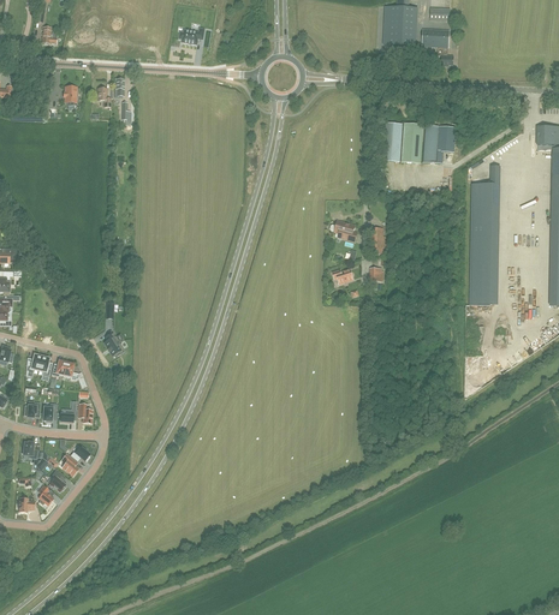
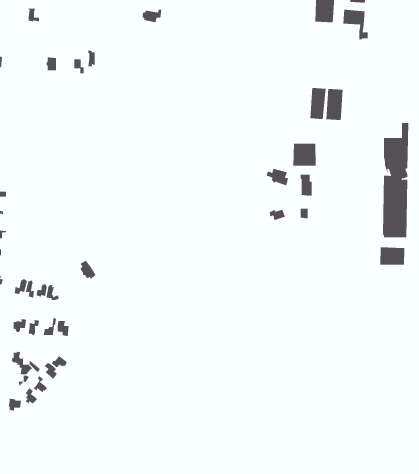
building: [422,125,454,162] -> none
building: none -> [293,143,316,166]
building: none -> [380,246,405,265]

